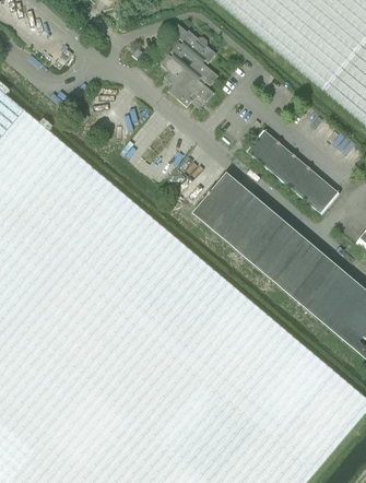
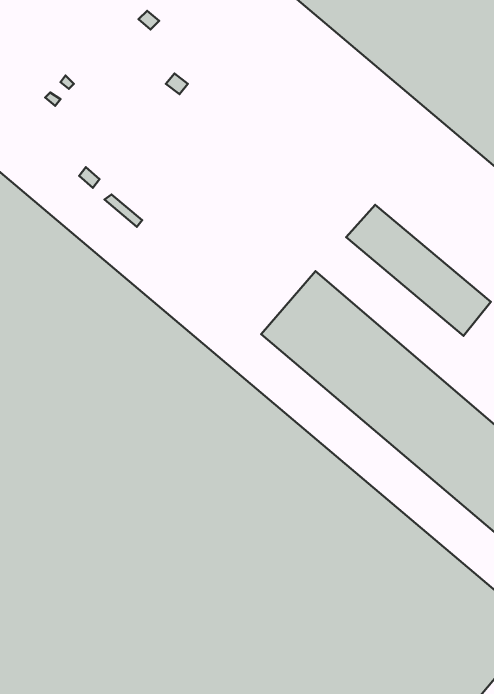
building: [166,26,223,109] -> none

